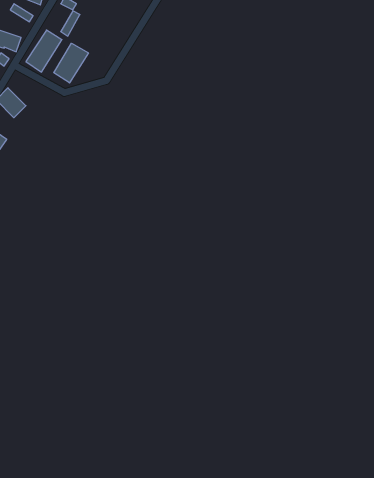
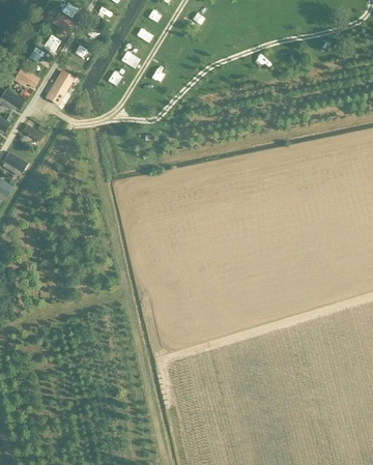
building: [54,43,88,83] -> none

